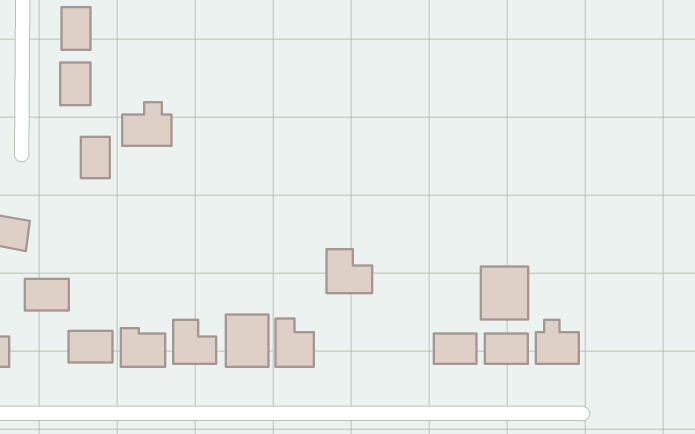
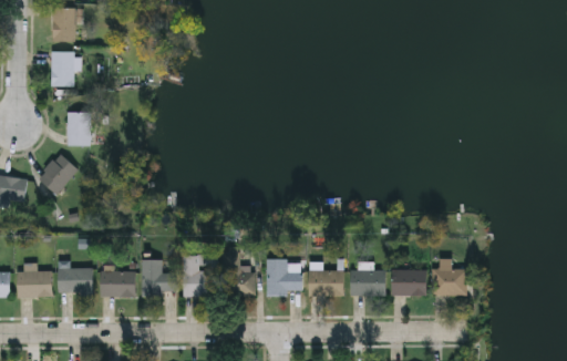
building: [122,102,171,146] -> none
building: none -> [38,154,78,194]
building: [327,249,372,293] -> [266,259,302,295]
building: [481,267,528,319] -> none
building: [25,279,69,310] -> [17,271,52,297]
building: none -> [309,270,343,297]

